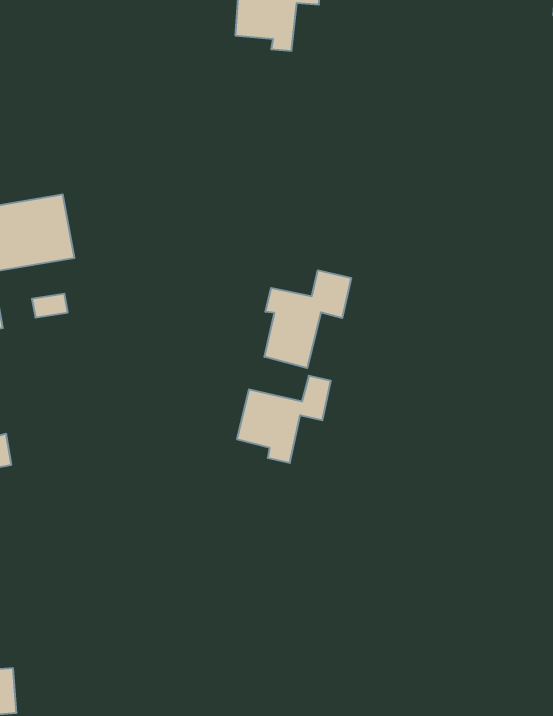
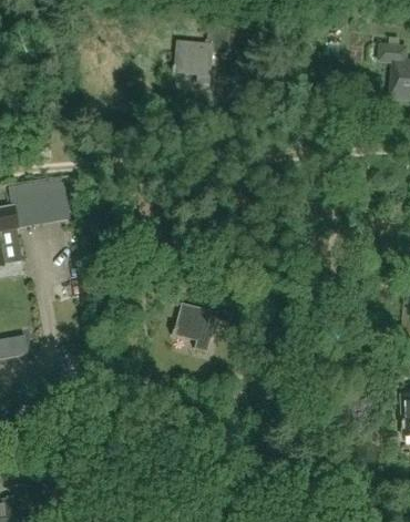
building: [264,270,351,368] -> none

